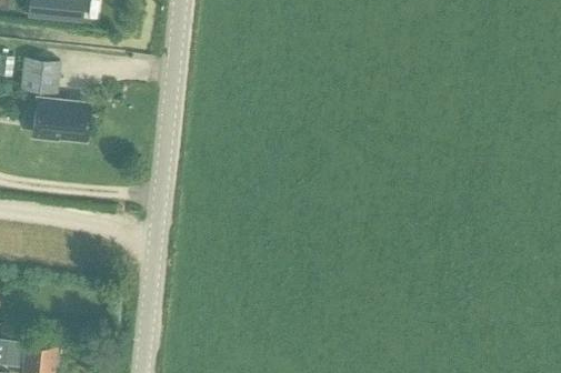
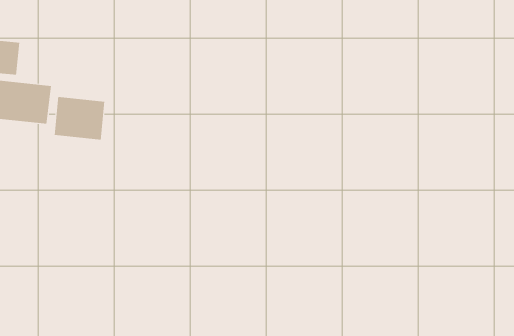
building: none -> [54,96,105,141]

